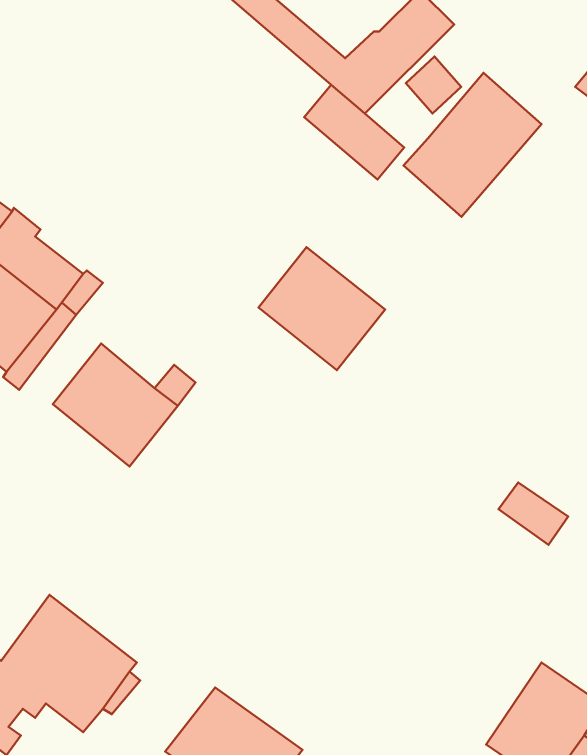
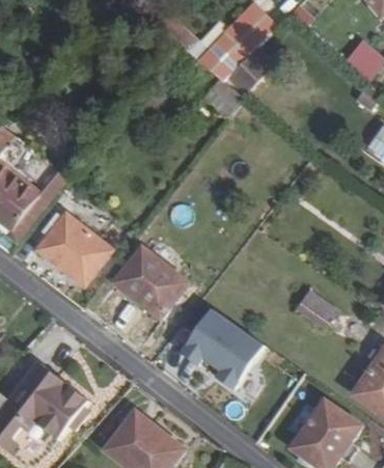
building: [404,73,541,217] -> none
building: [259,247,385,370] -> [111,245,185,316]
building: none -> [180,307,270,394]

